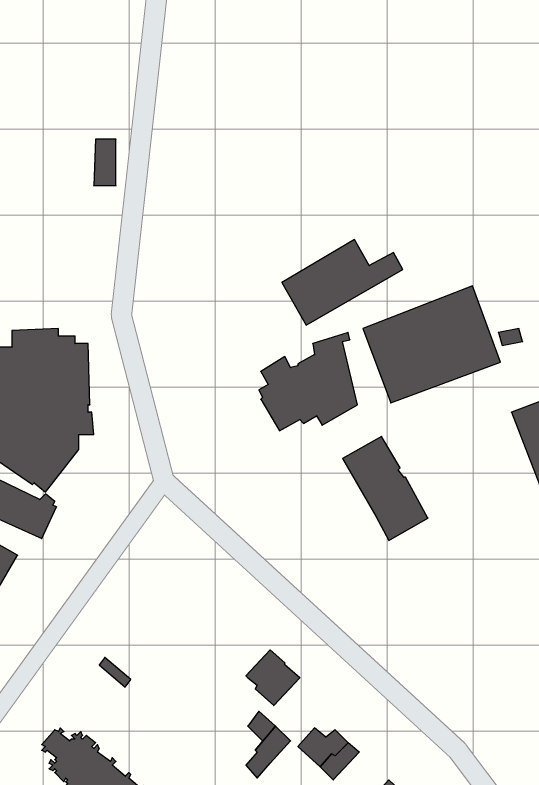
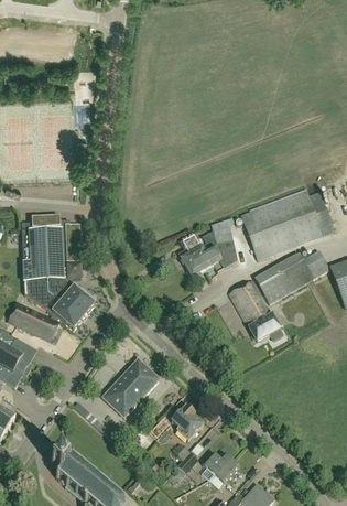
building: [282,240,403,325] -> [256,254,327,304]
building: none -> [53,287,96,330]
building: none -> [101,358,160,418]

